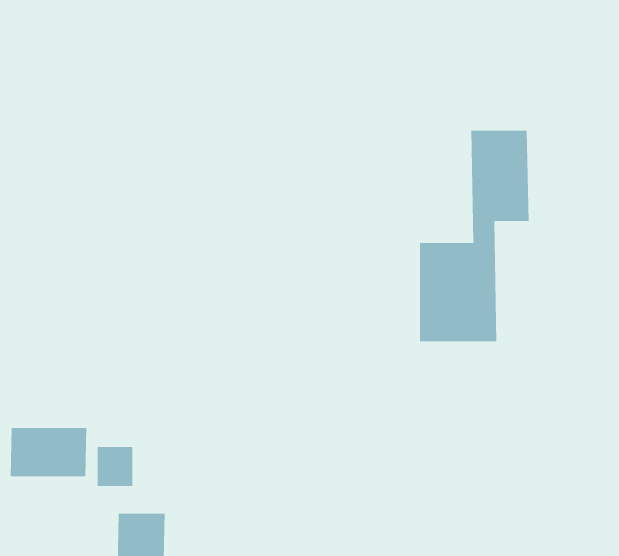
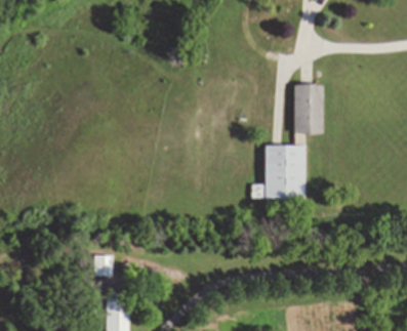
building: [10,427,87,477] -> none

